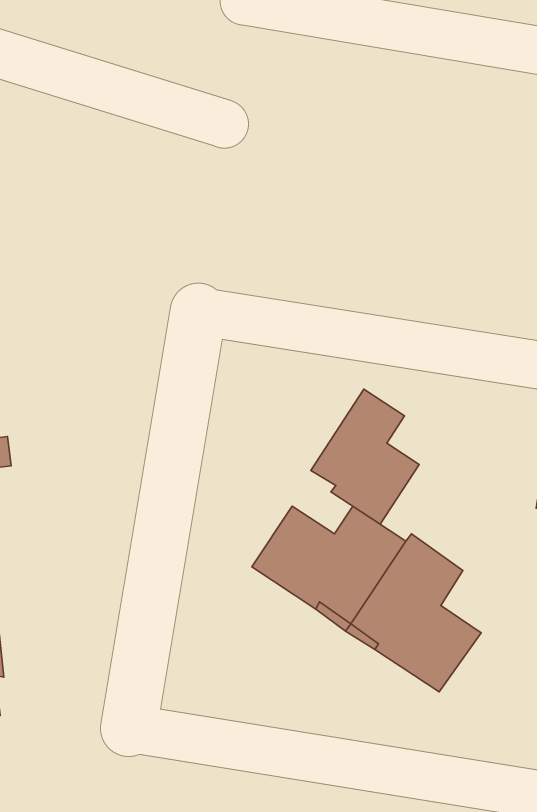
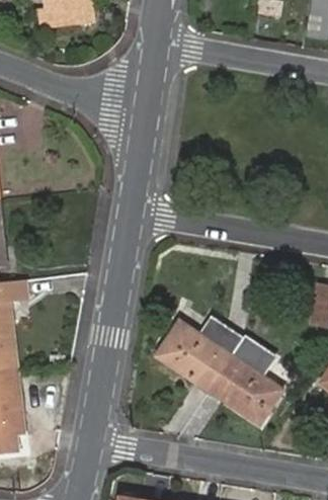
building: [311,389,419,524] -> none

